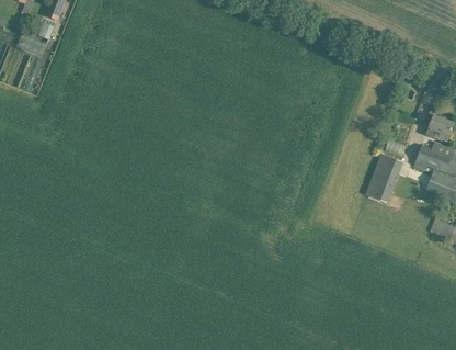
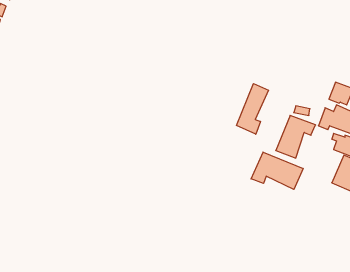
building: none -> [237,84,269,134]
building: none -> [251,152,303,189]

